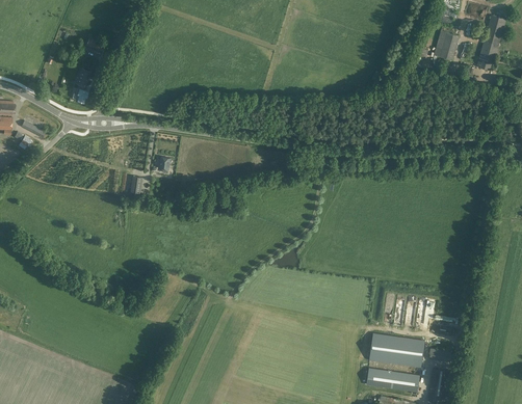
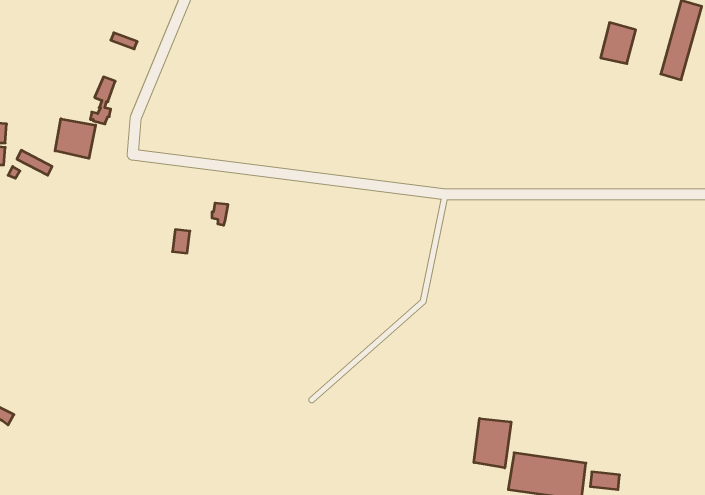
building: none -> [55,119,96,158]
building: none -> [474,418,511,468]

